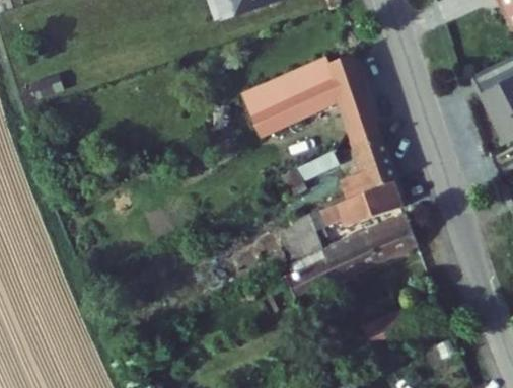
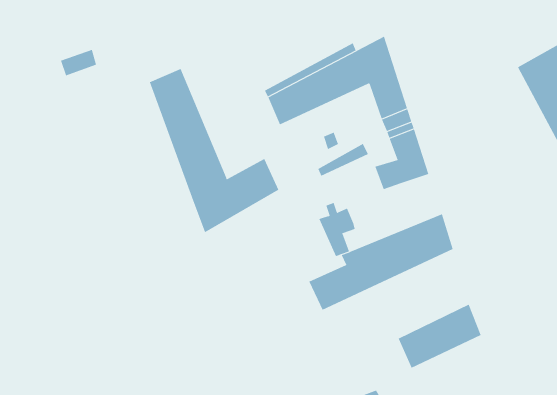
building: none -> [149,68,279,233]
building: [317,177,400,226] -> none

